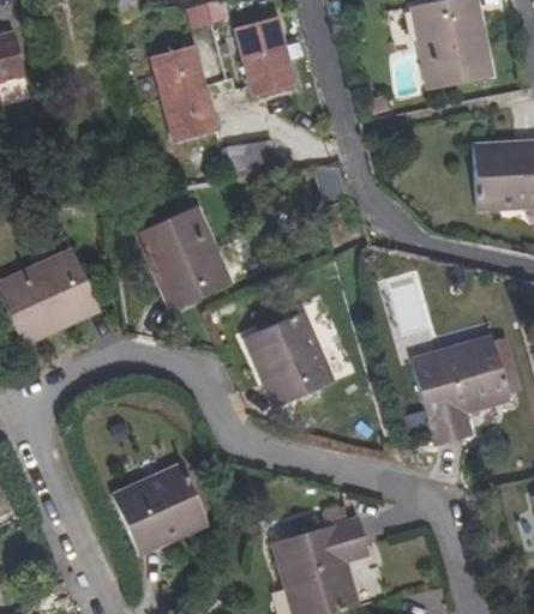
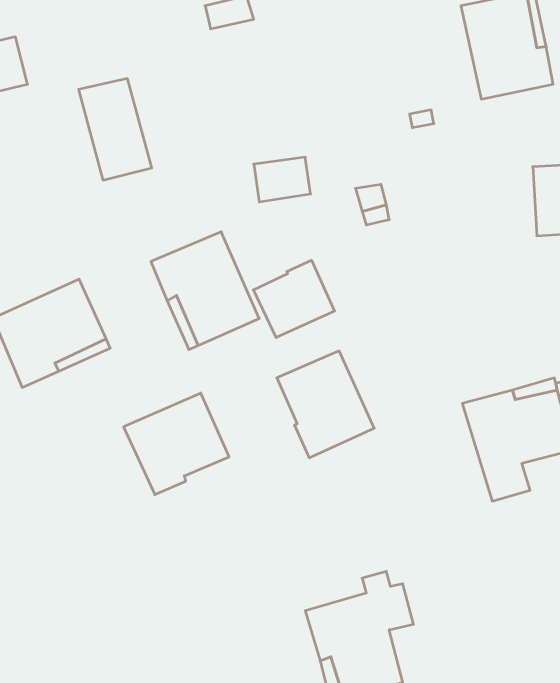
building: [235,19,294,92] -> none
building: [151,48,216,138] -> [79,79,152,180]
building: none -> [253,260,335,338]
building: [113,464,206,554] -> [124,393,229,495]

